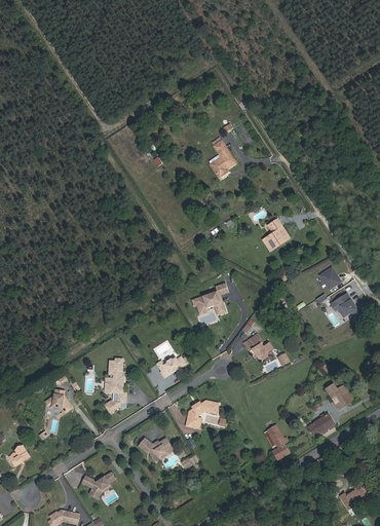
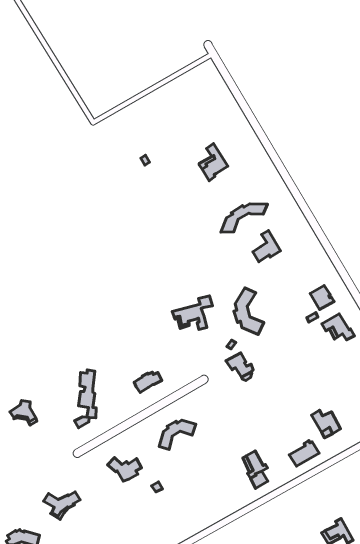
building: none -> [221,204,267,232]
building: none -> [234,288,264,335]

